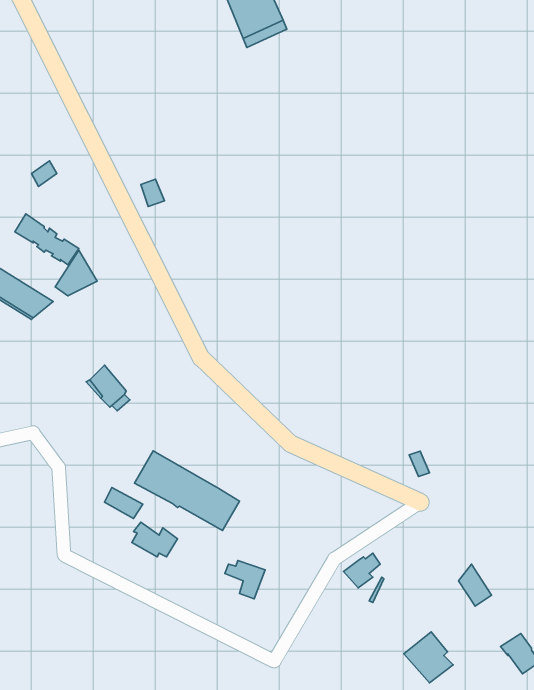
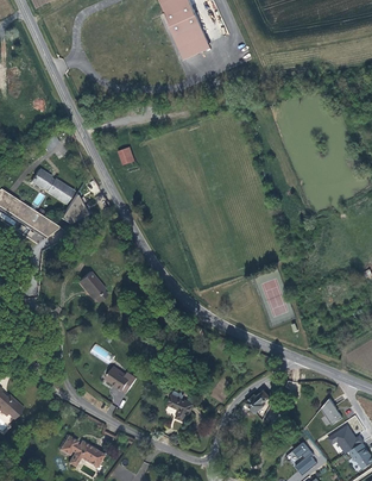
building: [134,451,239,530] -> none
building: none -> [327,424,364,454]
building: none -> [57,436,103,466]

